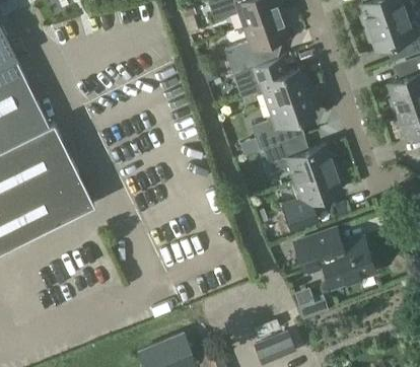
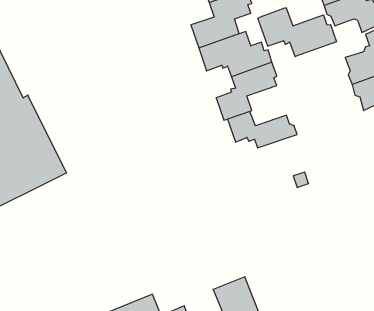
building: none -> [258,8,337,57]
building: [283,165,342,230] -> none
building: [296,230,375,288] -> none
building: [294,287,328,316] -> none

